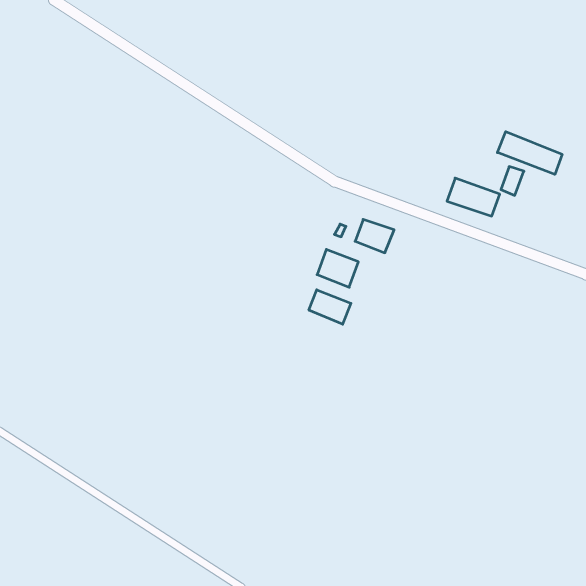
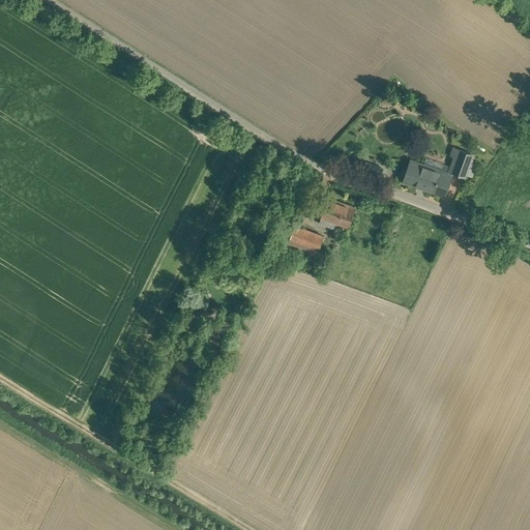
building: [497,132,562,174] -> none
building: [309,290,351,324] -> none

